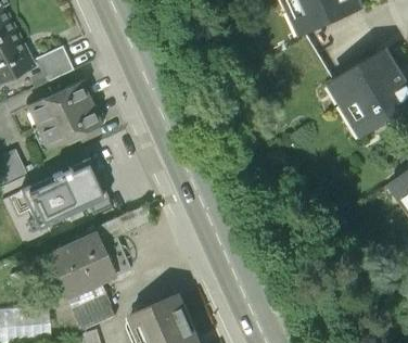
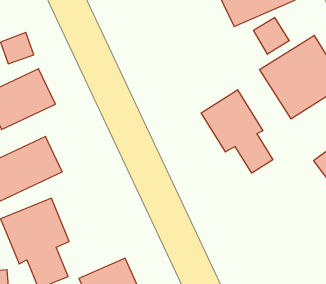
building: none -> [254,17,289,54]
building: none -> [201,90,273,173]

